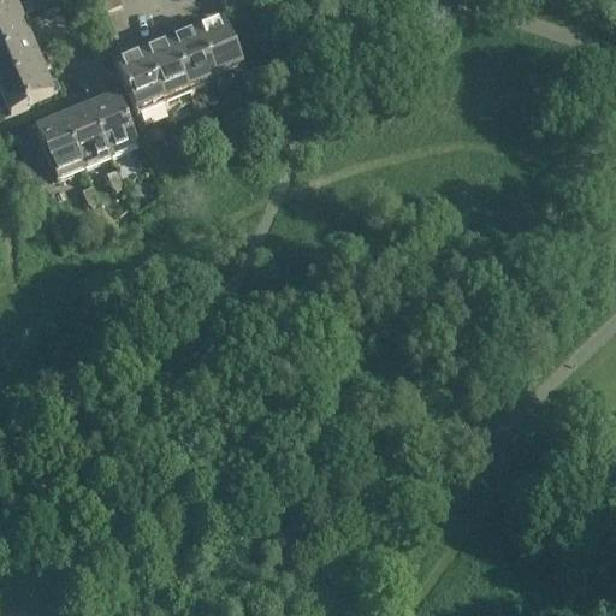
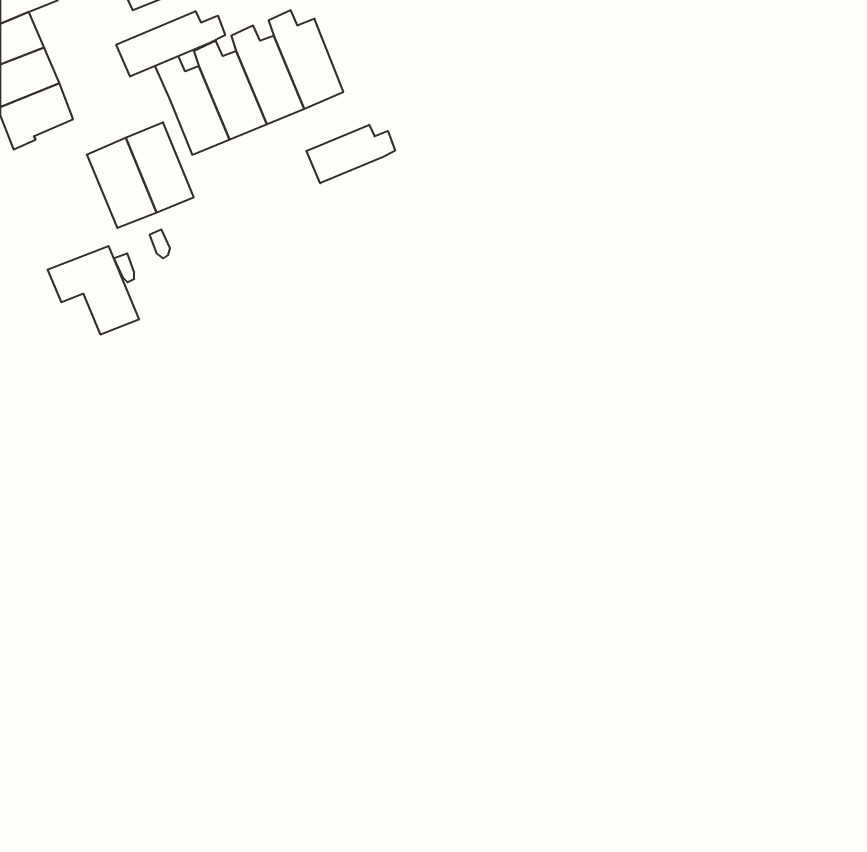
building: none -> [116,11,225,77]
building: none -> [306,125,395,183]
building: [19,109,84,172] -> [47,246,139,334]

